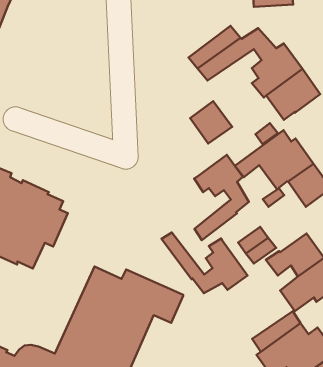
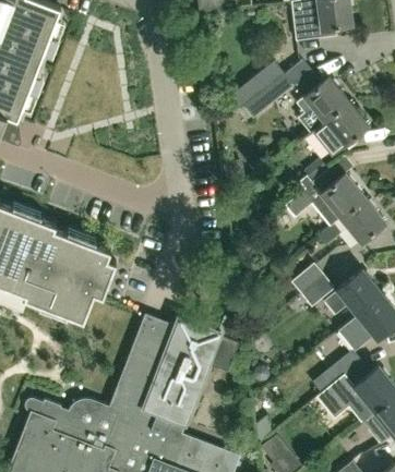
building: [190,101,232,144] -> none
building: [194,155,249,240] -> none
building: [162,232,248,293] -> none

